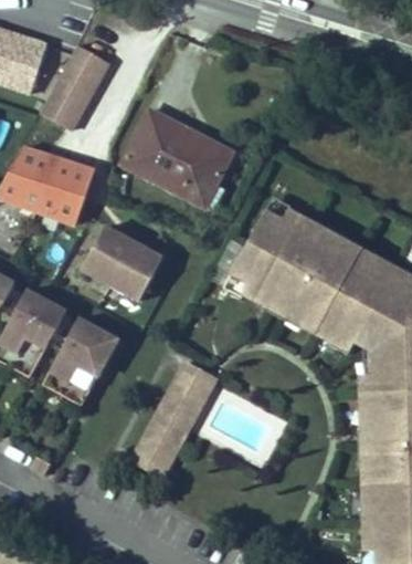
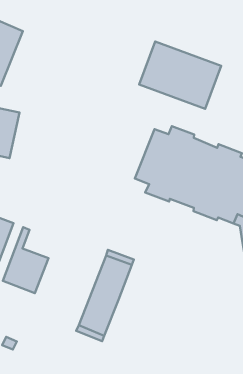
building: [123,109,232,205] -> [139,42,221,109]
building: [84,222,163,296] -> none
building: [74,321,118,361] -> none

